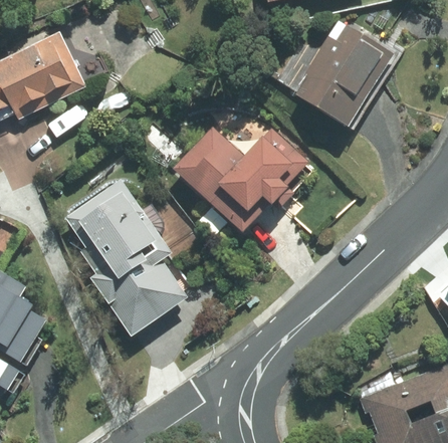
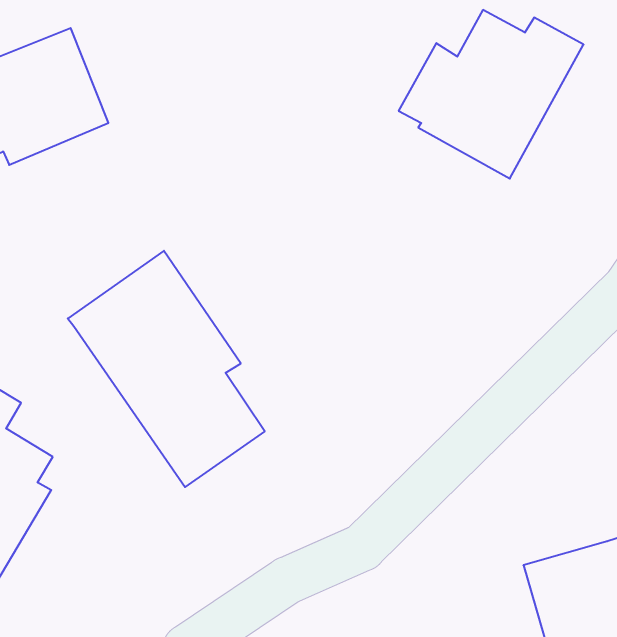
building: [174,127,304,234] -> none

